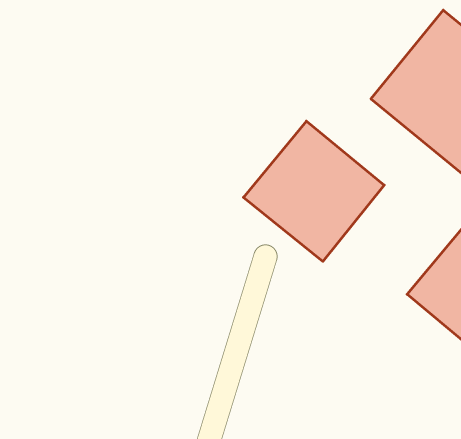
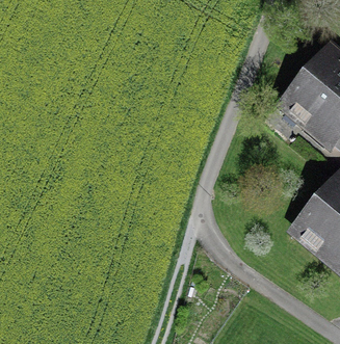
building: [243,121,384,261] -> none

